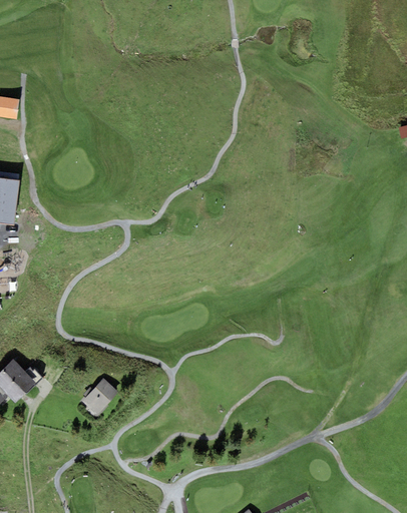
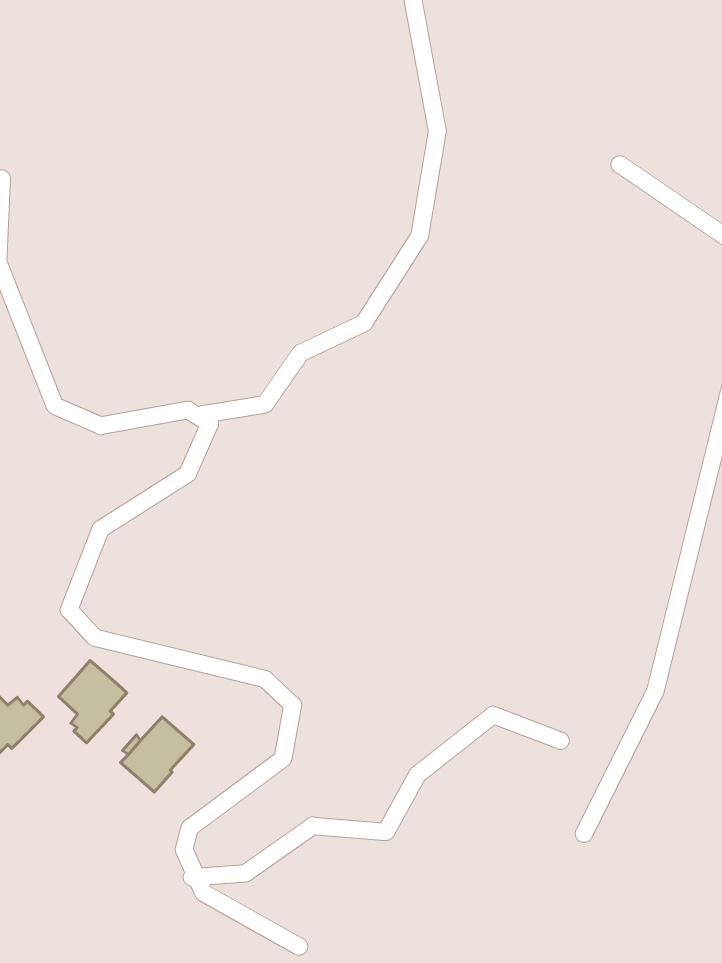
building: none -> [58,660,127,743]

